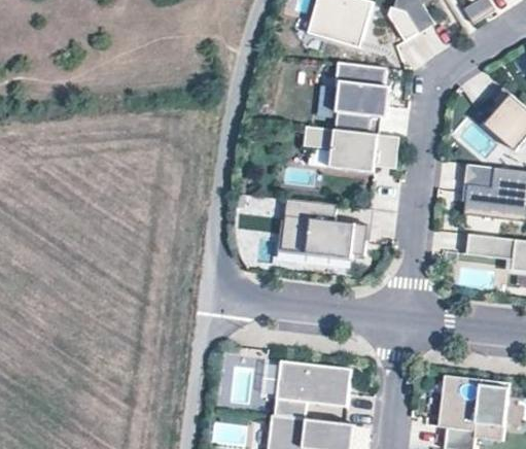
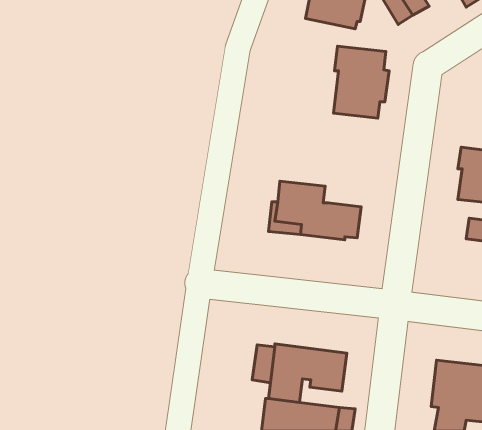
building: [308,127,404,173] -> none

